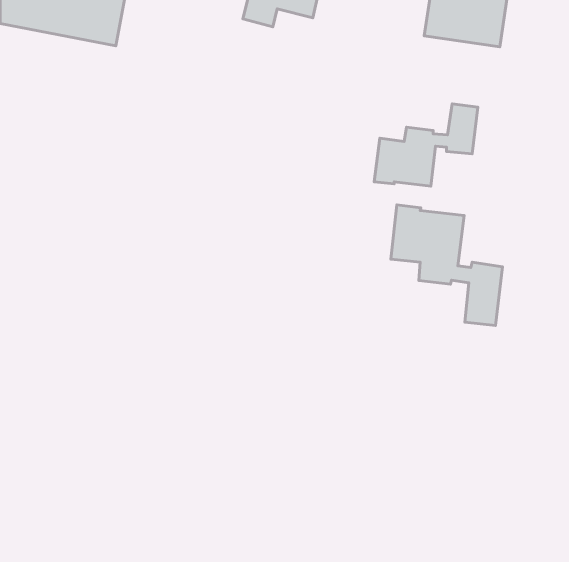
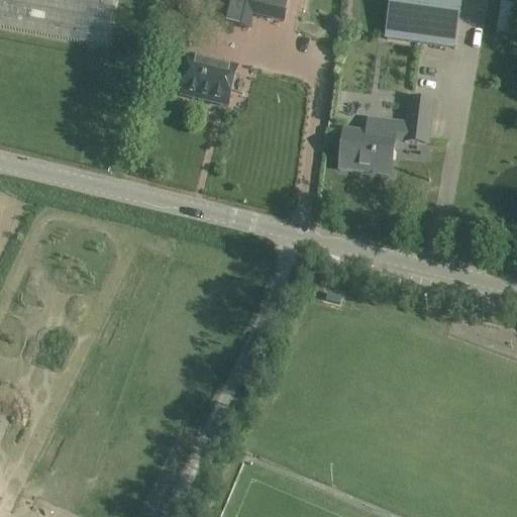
building: none -> [181,51,237,102]
building: [391,205,503,326] -> none

